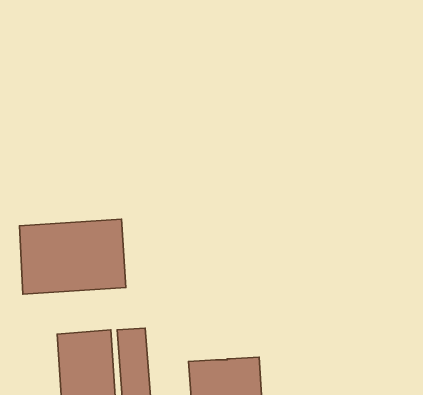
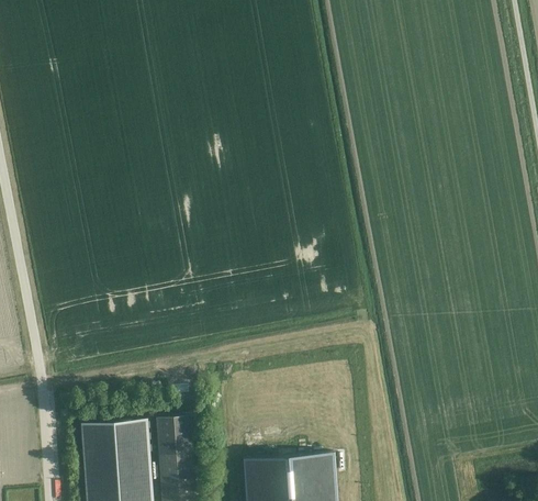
building: [19,219,126,294] -> none

